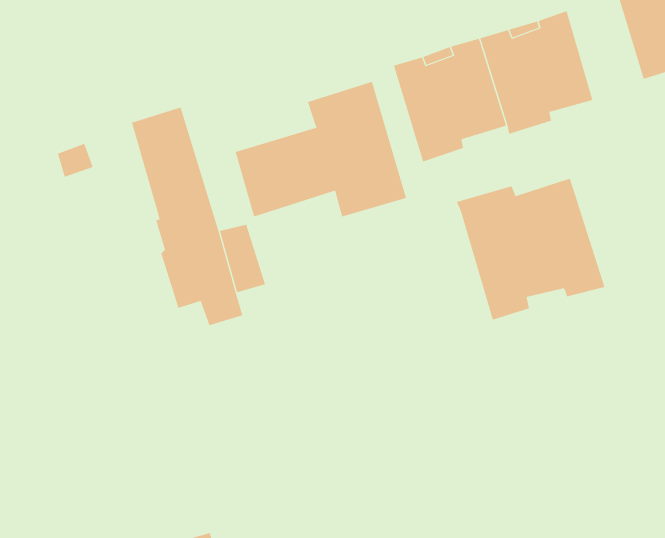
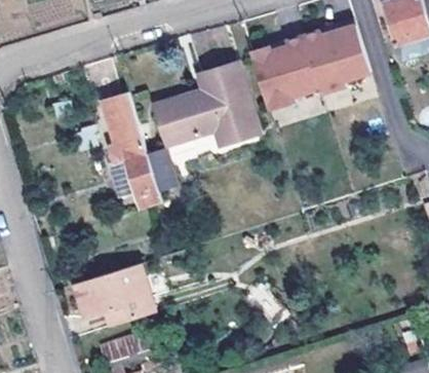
building: [456,178,605,320] -> none
building: none -> [73,263,154,327]

